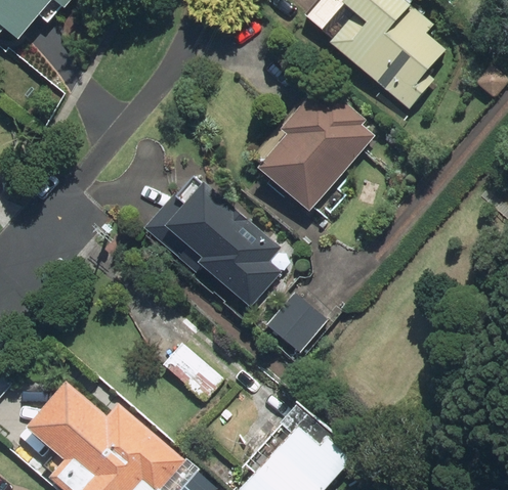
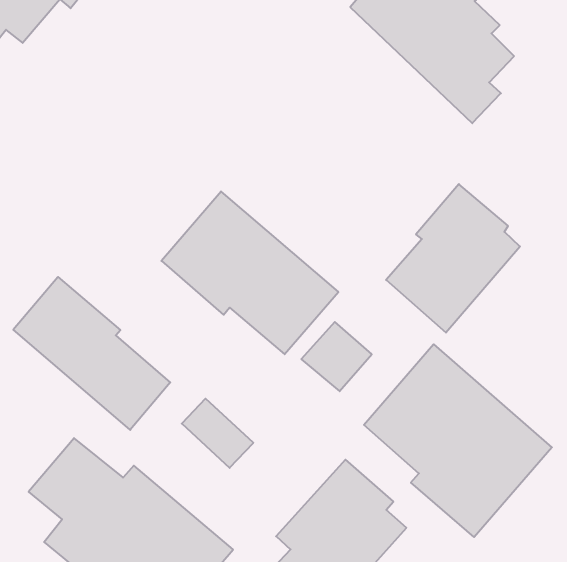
building: [257,85,372,212] -> [386,184,520,333]
building: none -> [13,277,170,430]
building: none -> [364,344,552,537]

